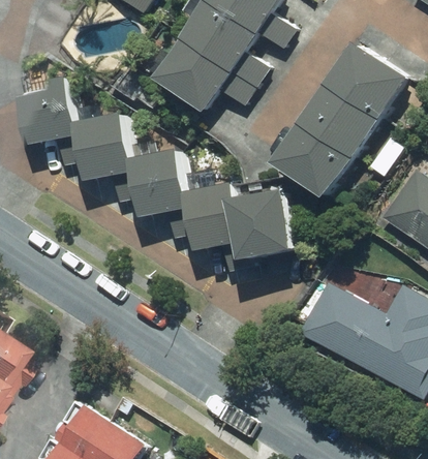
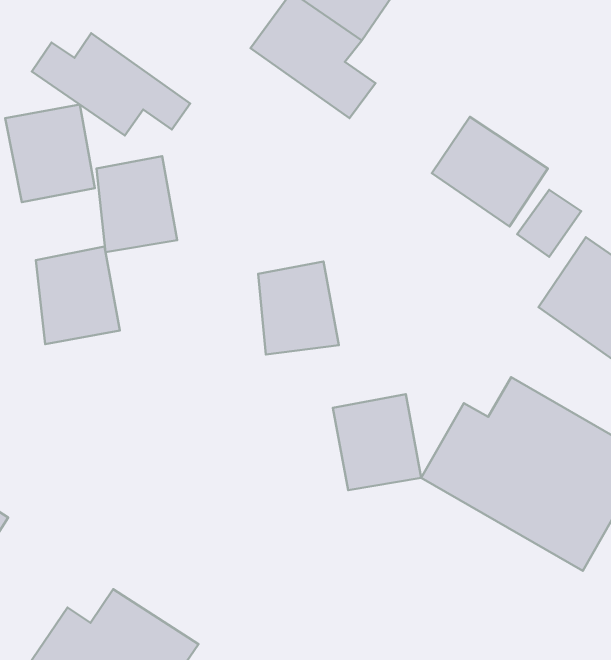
building: [142,40,249,110] -> [32,33,190,135]
building: [331,41,414,122] -> none
building: [281,125,358,197] -> none
building: [131,151,188,217] -> [36,247,120,344]
building: [237,196,297,262] -> [333,394,421,490]

